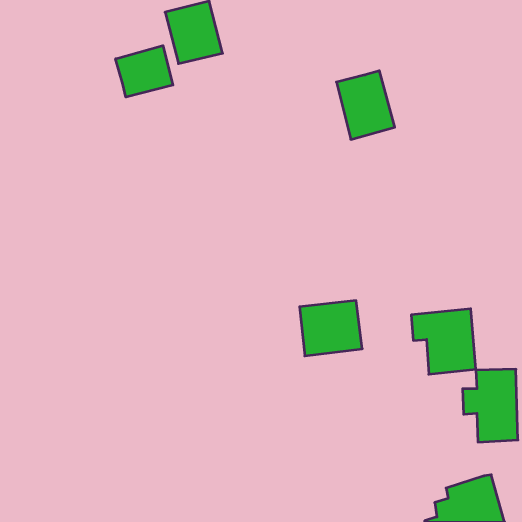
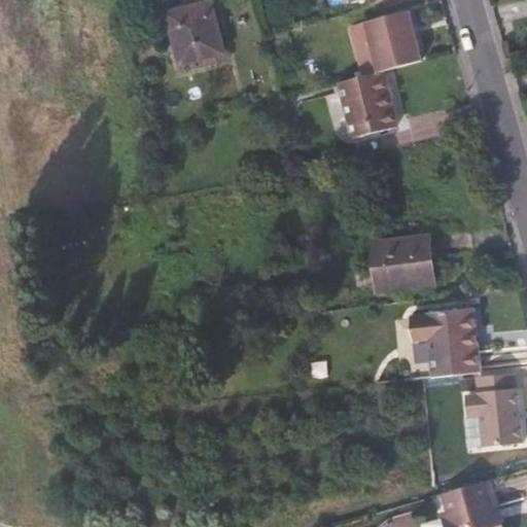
building: none -> [329,10,421,75]
building: [116,46,173,97] -> none
building: [300,301,362,356] -> [372,237,434,292]

